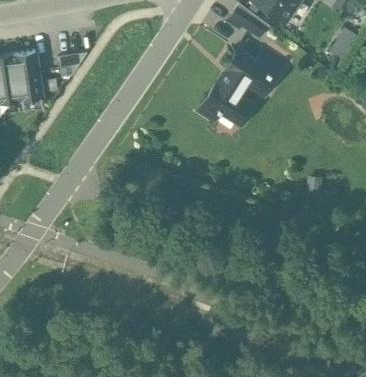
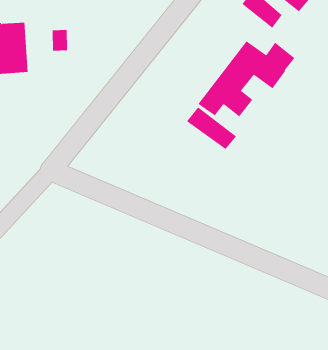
building: none -> [186,106,237,150]

